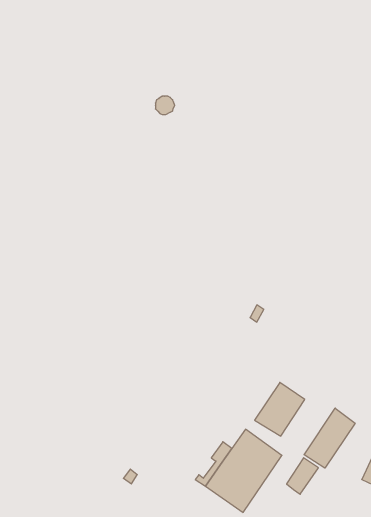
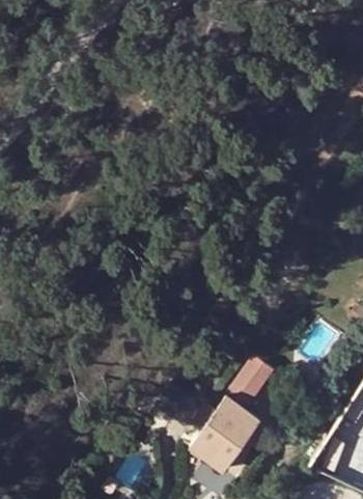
building: [304,408,355,468] -> none

